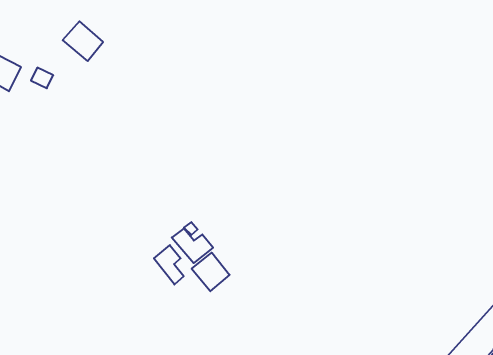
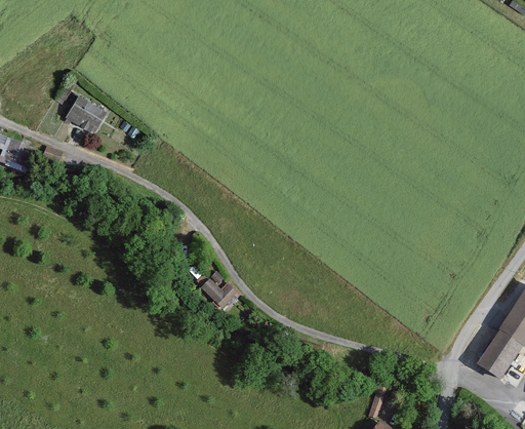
building: [154,245,184,285] -> none
building: [192,253,230,291] -> none

